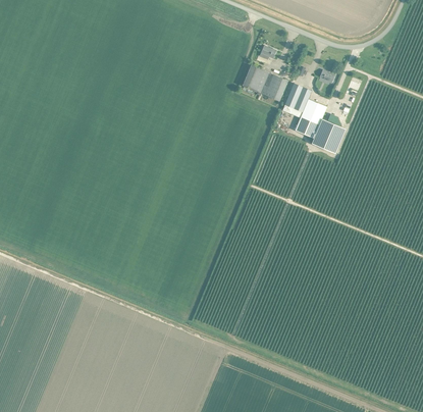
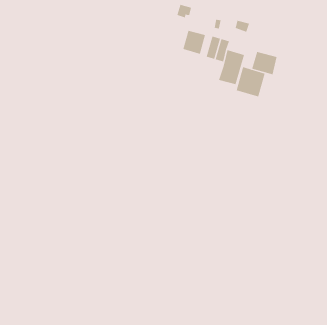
building: [242,64,268,95] -> none
building: none -> [252,51,277,75]

